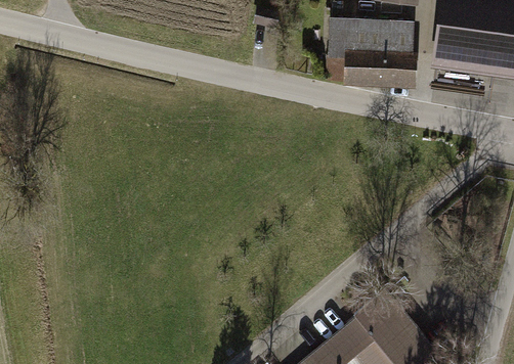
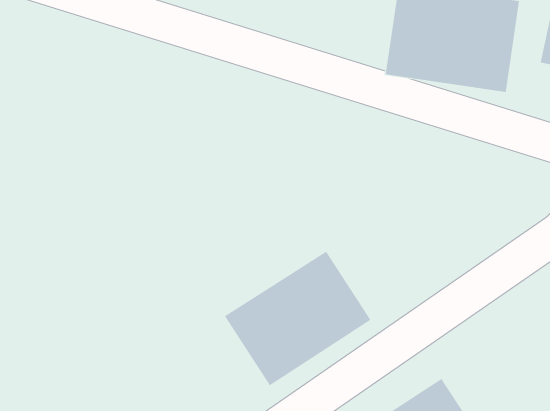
building: none -> [224,251,371,386]

